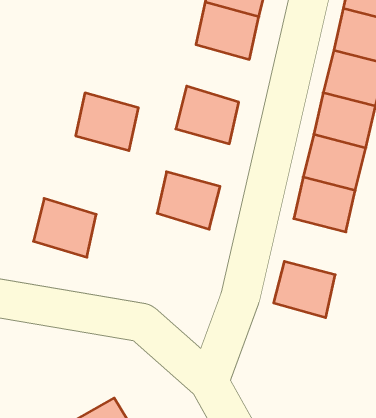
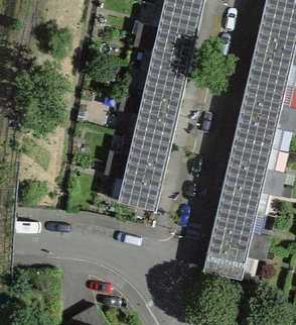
building: none -> [147,41,194,85]
building: [76,93,138,151] -> [132,105,179,148]
building: [33,198,96,257] -> [117,169,164,213]
building: none -> [220,173,267,215]
building: none -> [205,236,252,279]

